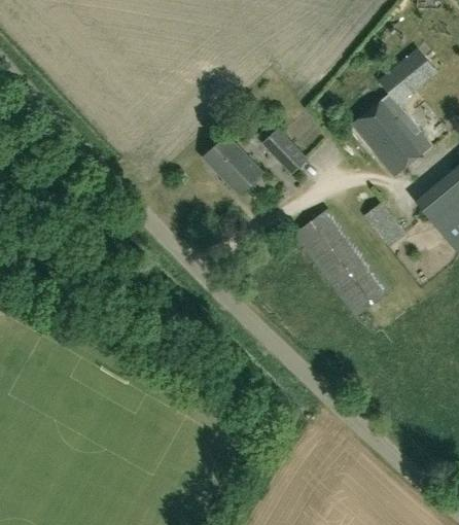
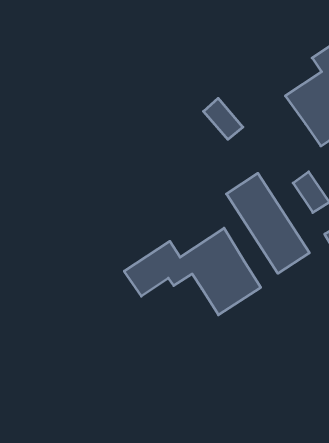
building: [203,136,262,196] -> none
building: none -> [124,228,261,315]

